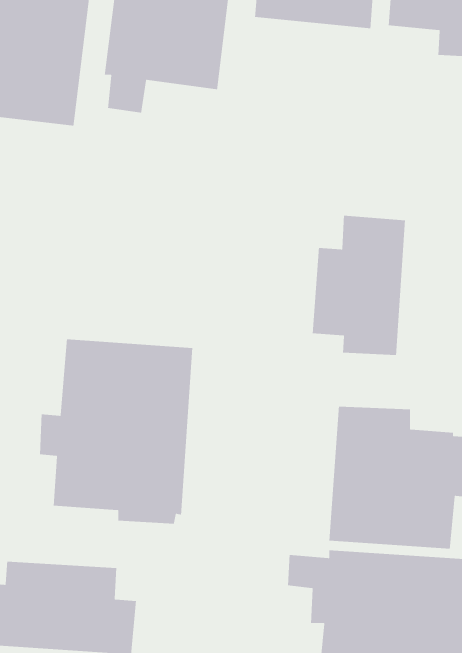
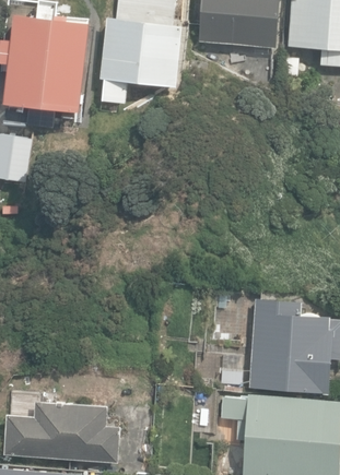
building: [312,215,406,356] -> none
building: [39,339,193,525] -> none

